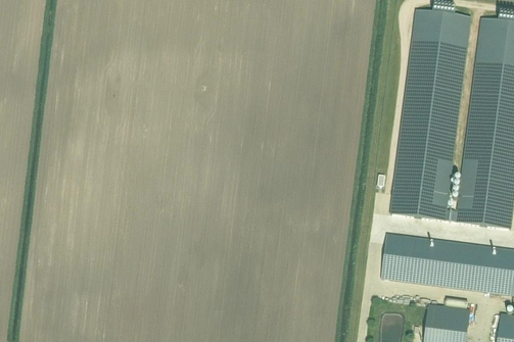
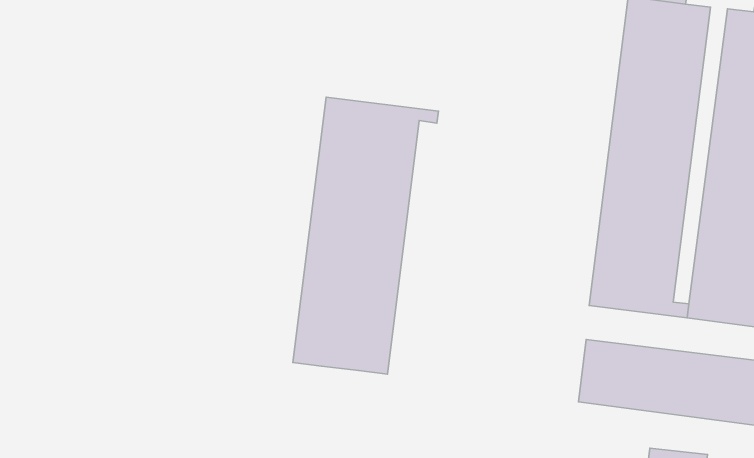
building: none -> [293,97,439,374]

